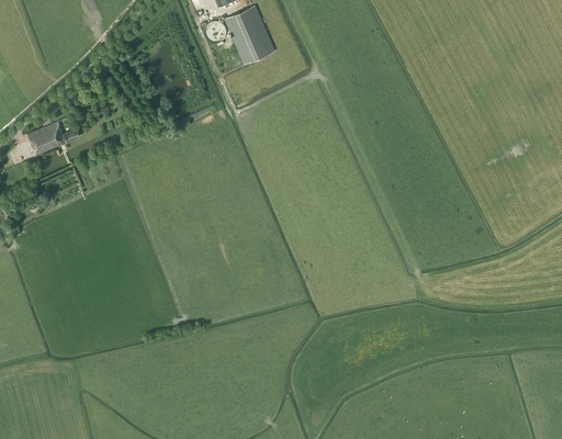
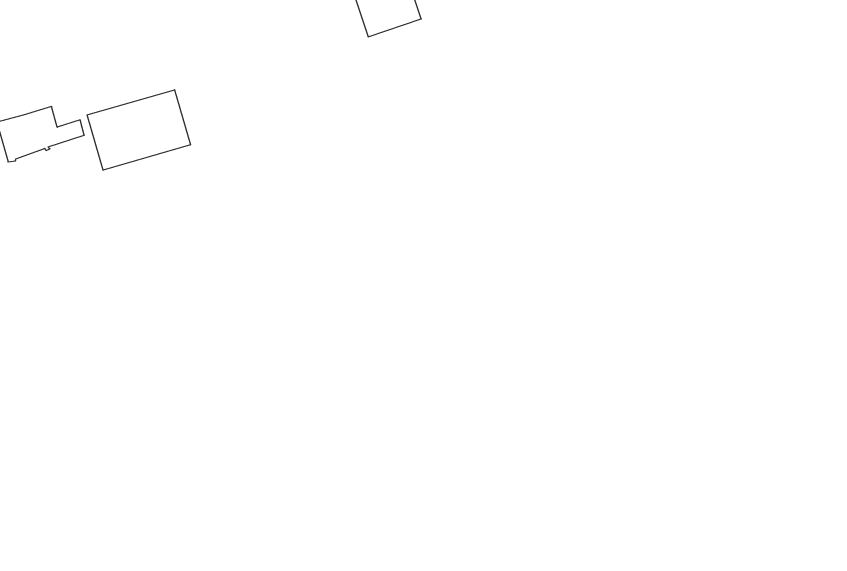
building: none -> [87,90,190,170]

